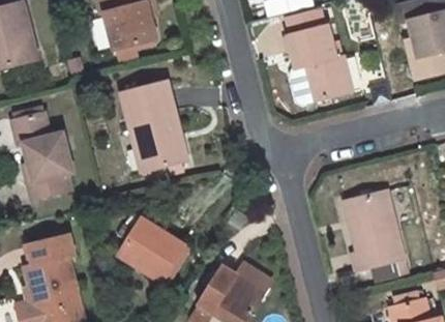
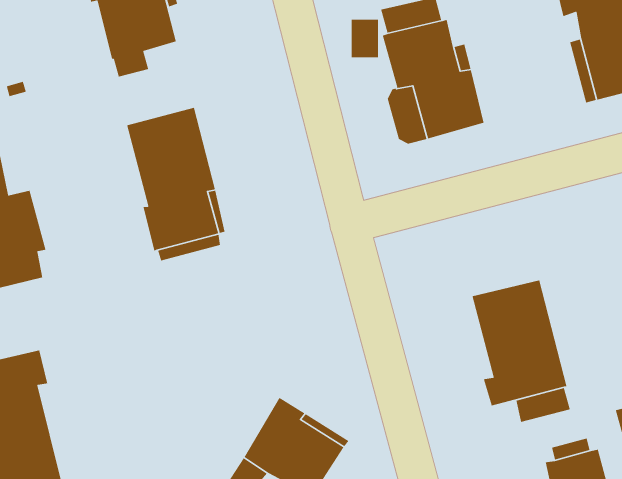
building: [117,216,185,282] -> none

